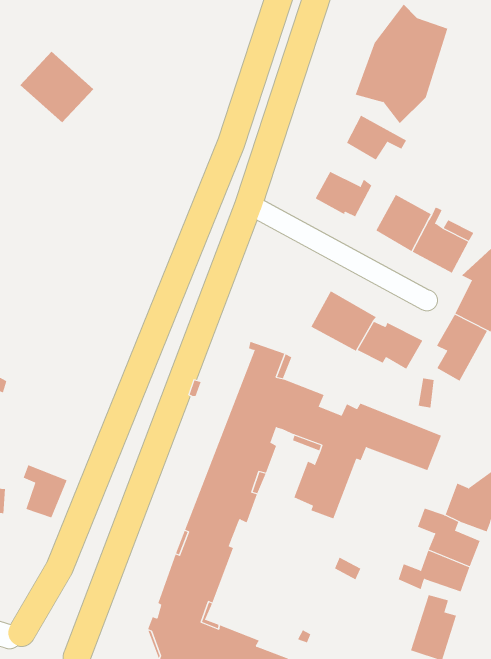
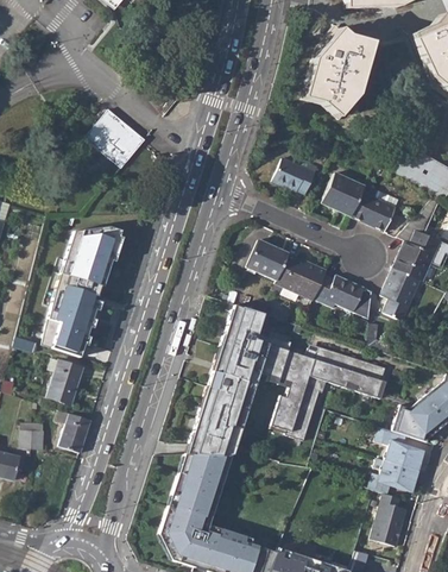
building: [20,51,94,123] -> [89,113,149,170]
building: [346,115,407,161] -> none
building: none -> [43,225,128,359]
building: none -> [248,243,292,284]
building: none -> [48,359,82,403]

